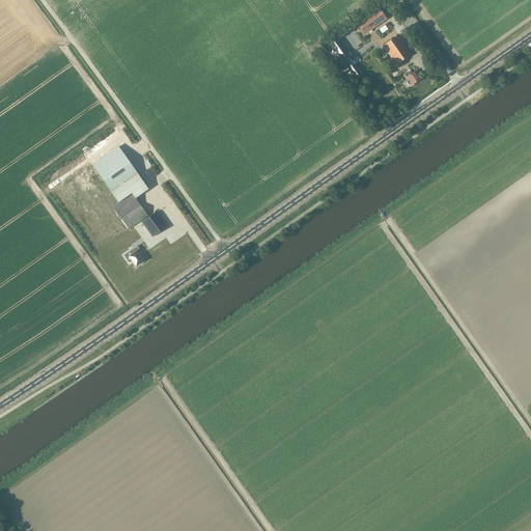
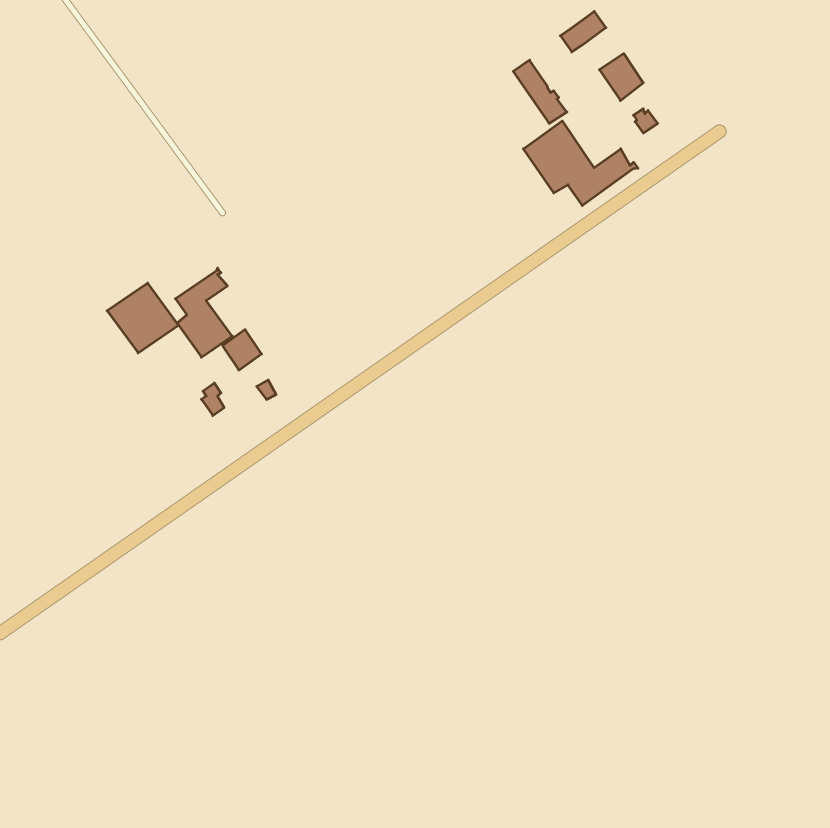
building: none -> [523,121,638,206]
building: [92,146,138,191] -> [107,283,179,353]

